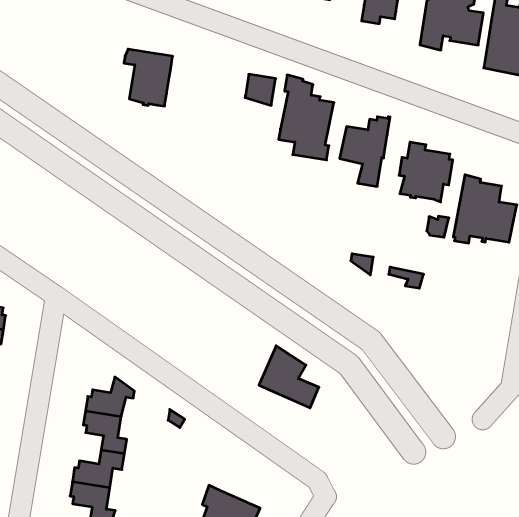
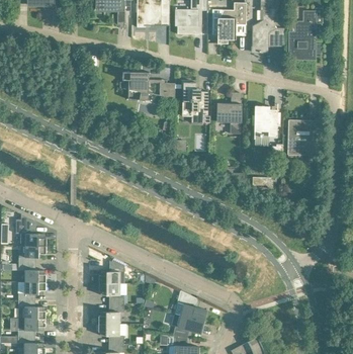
building: [124,49,173,106] -> [121,72,148,101]
building: [259,346,319,408] -> [173,290,206,322]

